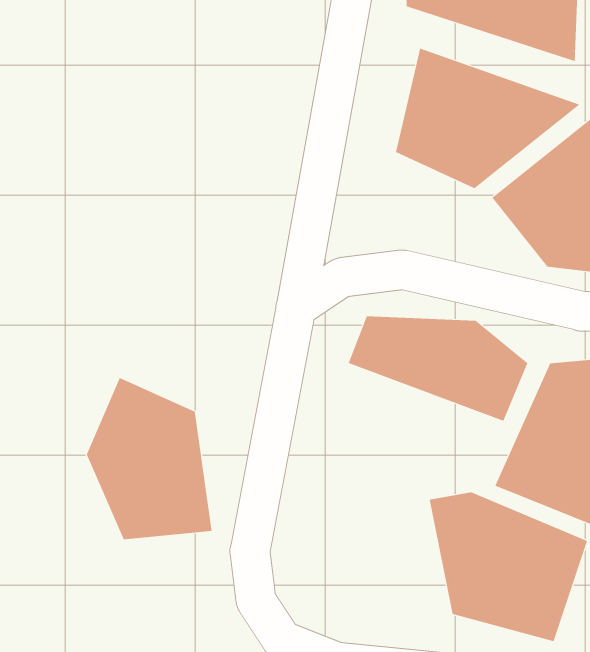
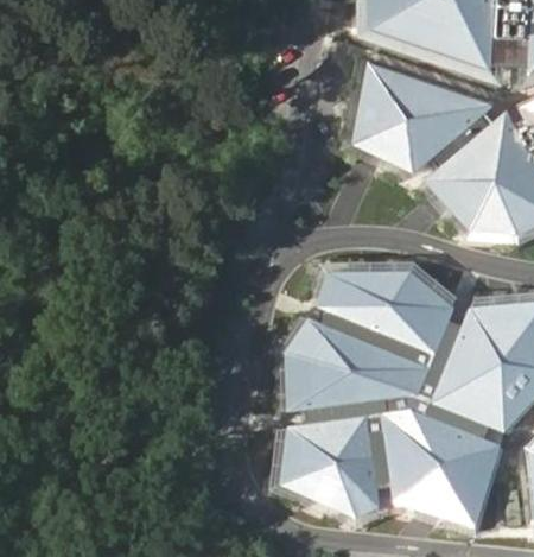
building: none -> [285,316,426,412]
building: [86,377,212,540] -> none
building: none -> [281,414,384,514]

